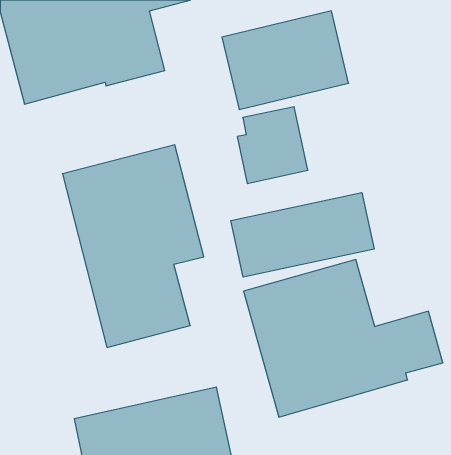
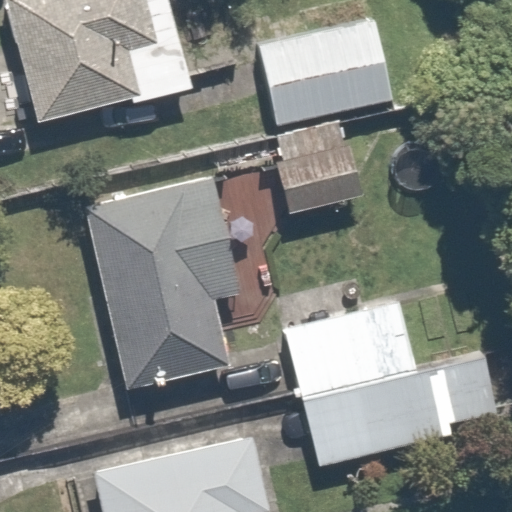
building: [231,193,374,277] -> none

